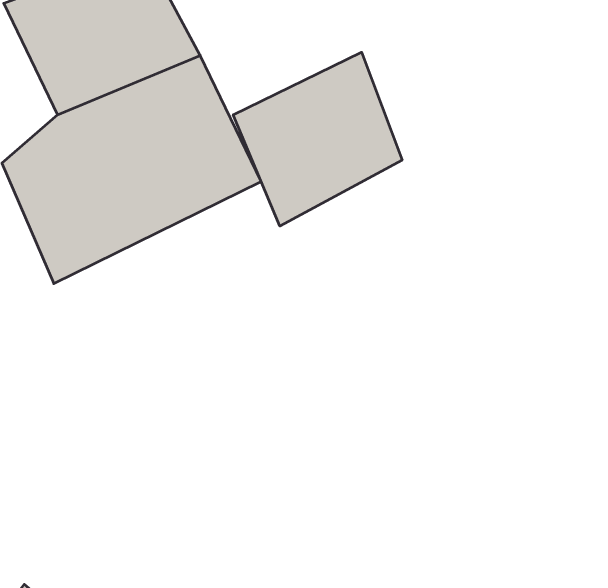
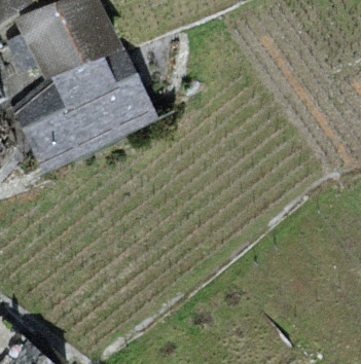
building: [233,52,402,226] -> none

